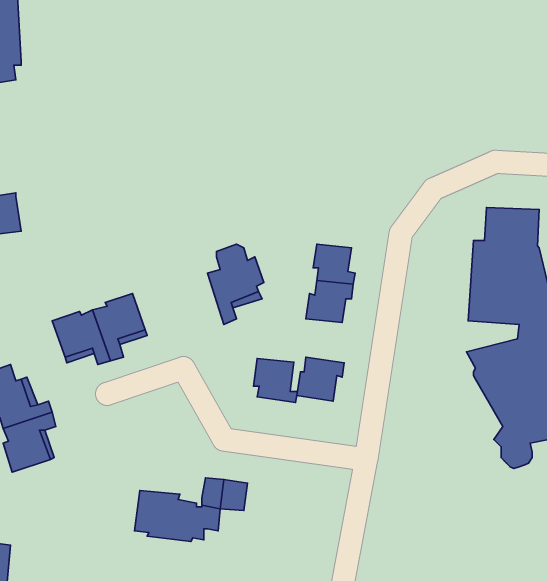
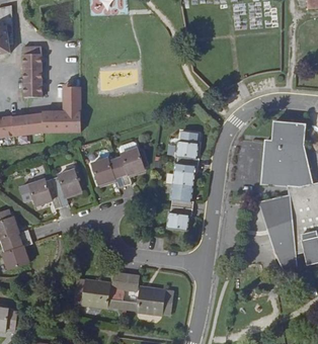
building: none -> [22,47,41,97]
building: none -> [10,84,79,136]
building: none -> [93,159,126,189]
building: [254,359,297,402] -> [169,184,193,208]
building: none -> [130,287,172,315]

